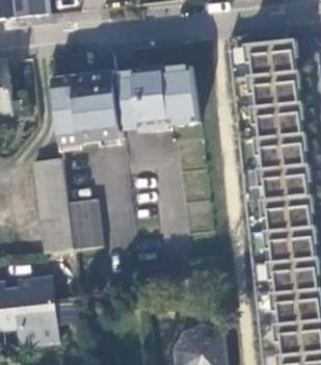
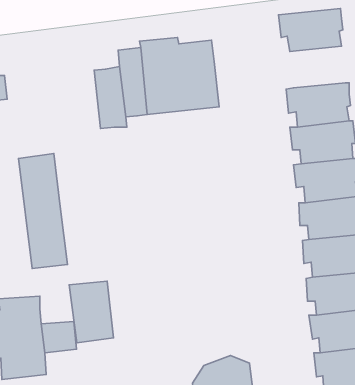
building: [247,70,300,105] -> none
building: [48,82,98,142] -> none
building: [64,200,101,251] -> [69,281,113,343]

